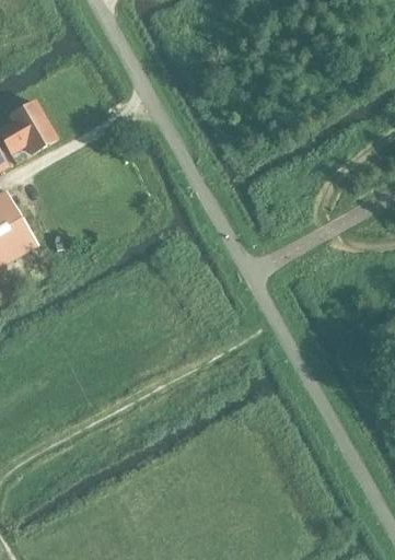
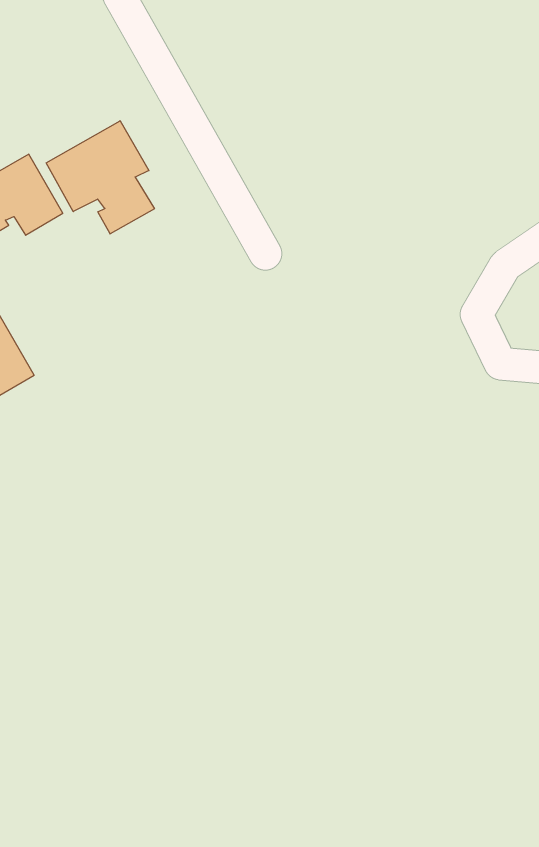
building: none -> [46,121,154,234]

